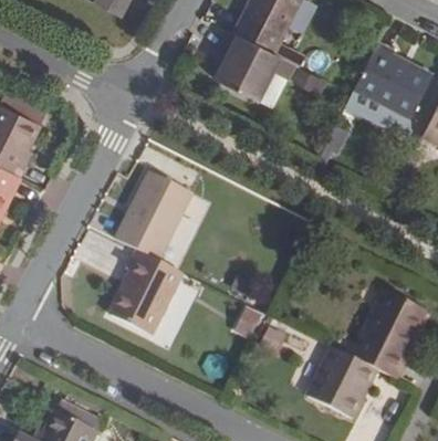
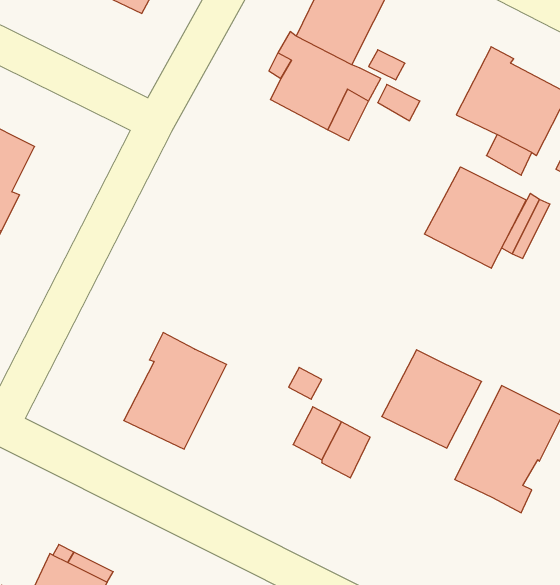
building: none -> [424,167,526,268]
building: [116,171,194,262] -> none
building: [305,347,378,419] -> [382,350,482,448]

